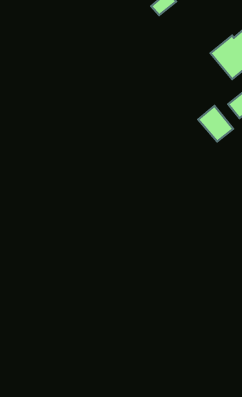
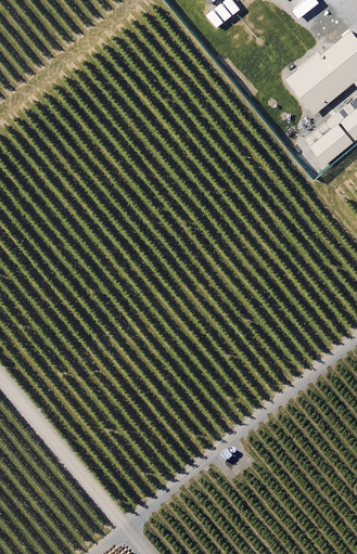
building: [198,106,233,142] -> none

